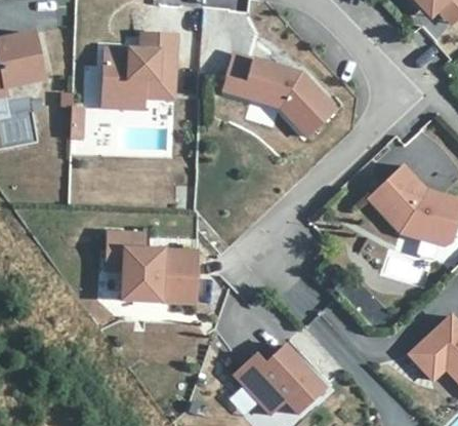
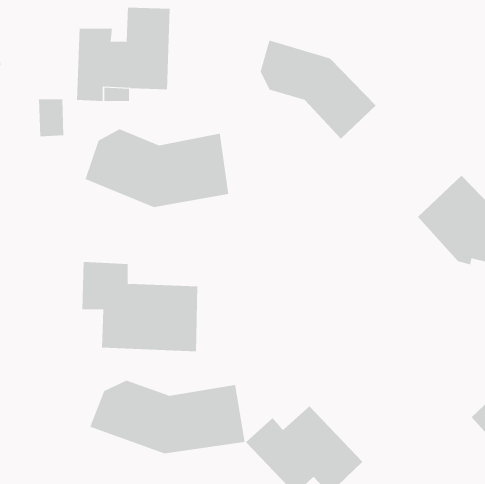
building: [221,52,252,98] -> none
building: none -> [85,129,229,208]
building: none -> [89,380,245,454]

